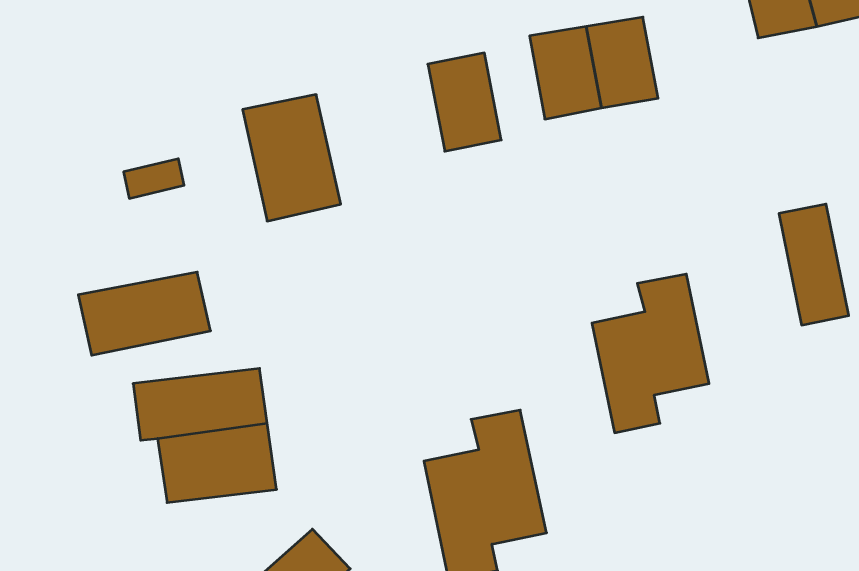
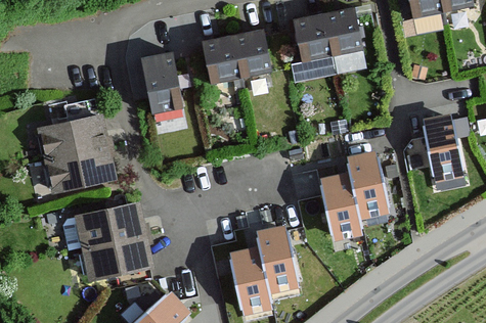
building: none -> [203,39,242,92]
building: none -> [38,119,108,164]

